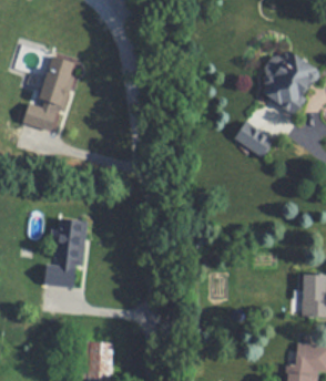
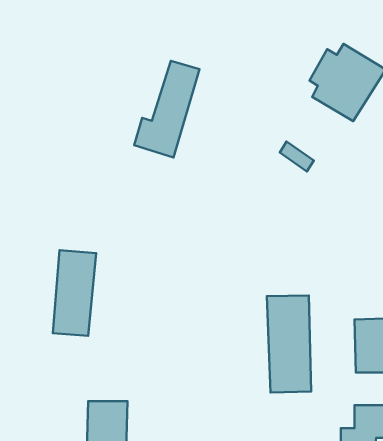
building: [23,55,77,134] -> [134,61,199,157]
building: none -> [267,295,311,392]

